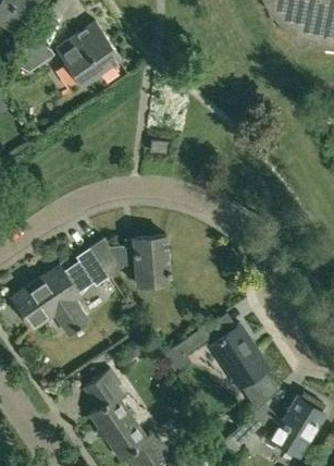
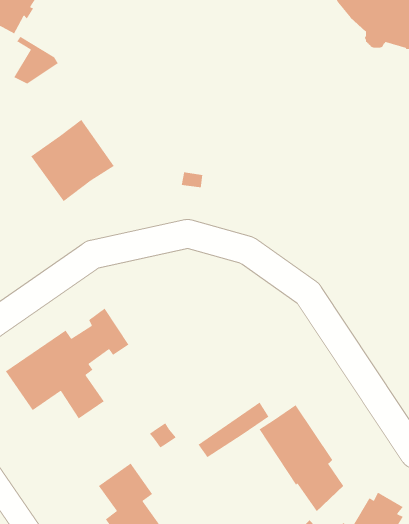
building: [54,21,121,86] -> [30,119,115,202]
building: [89,235,170,285] -> none

